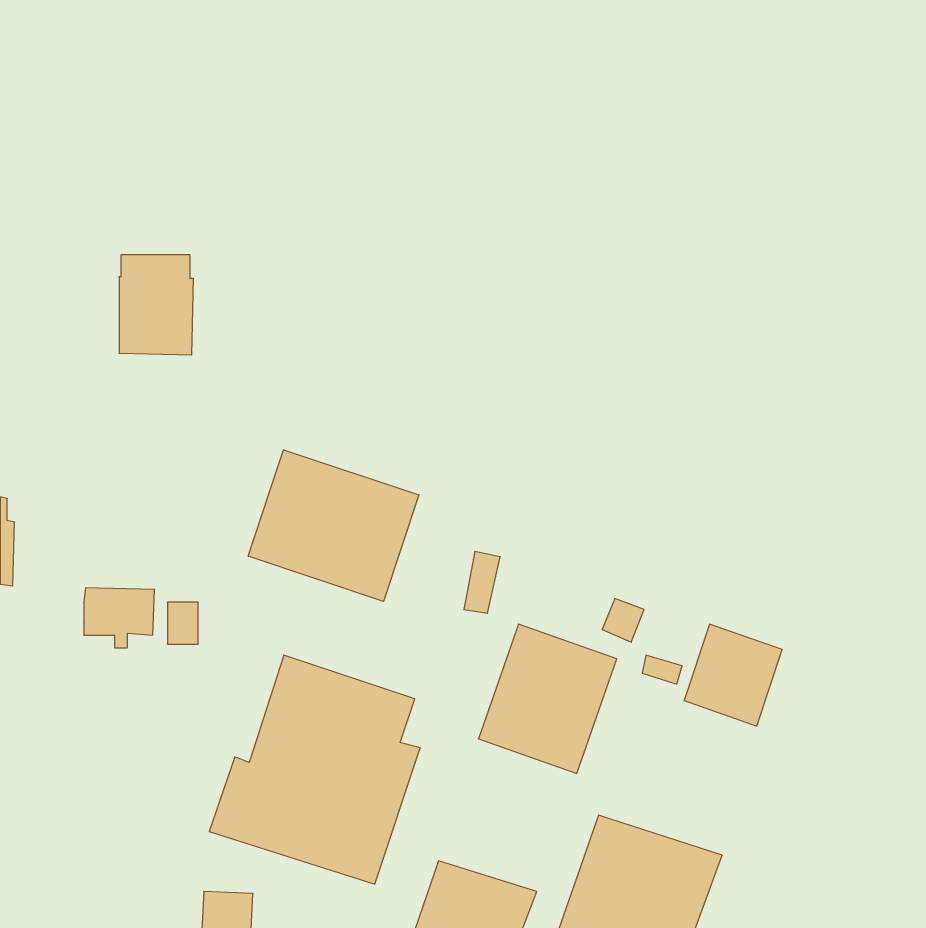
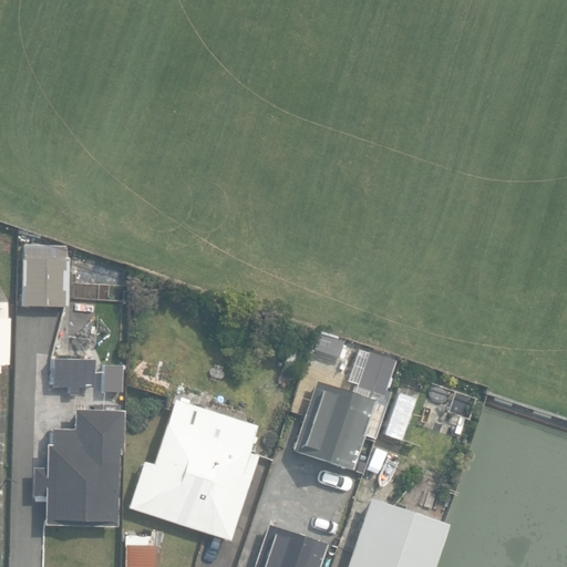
building: [119,255,194,355] -> [23,247,69,308]
building: [248,450,419,601] -> none
building: none -> [34,405,125,526]

